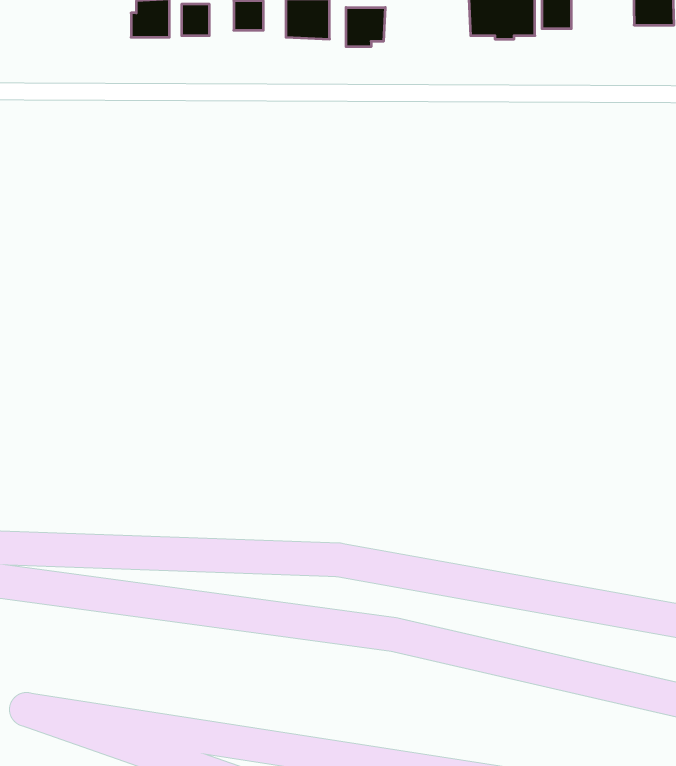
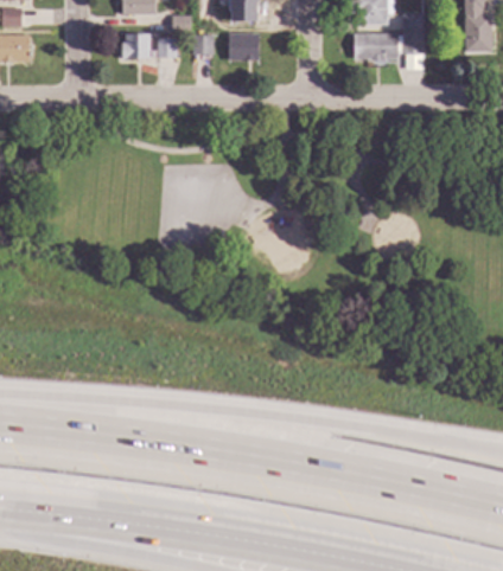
building: [346,7,385,47] -> none

